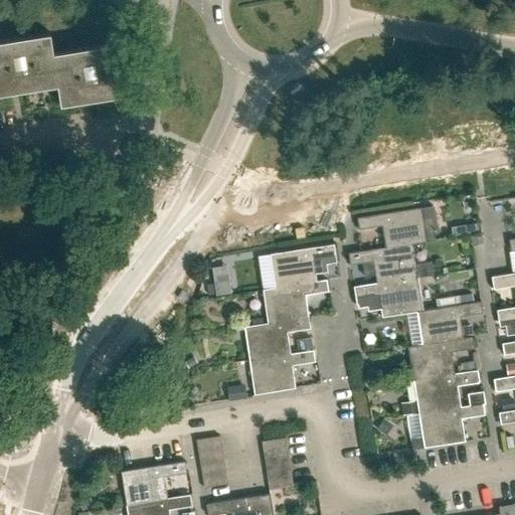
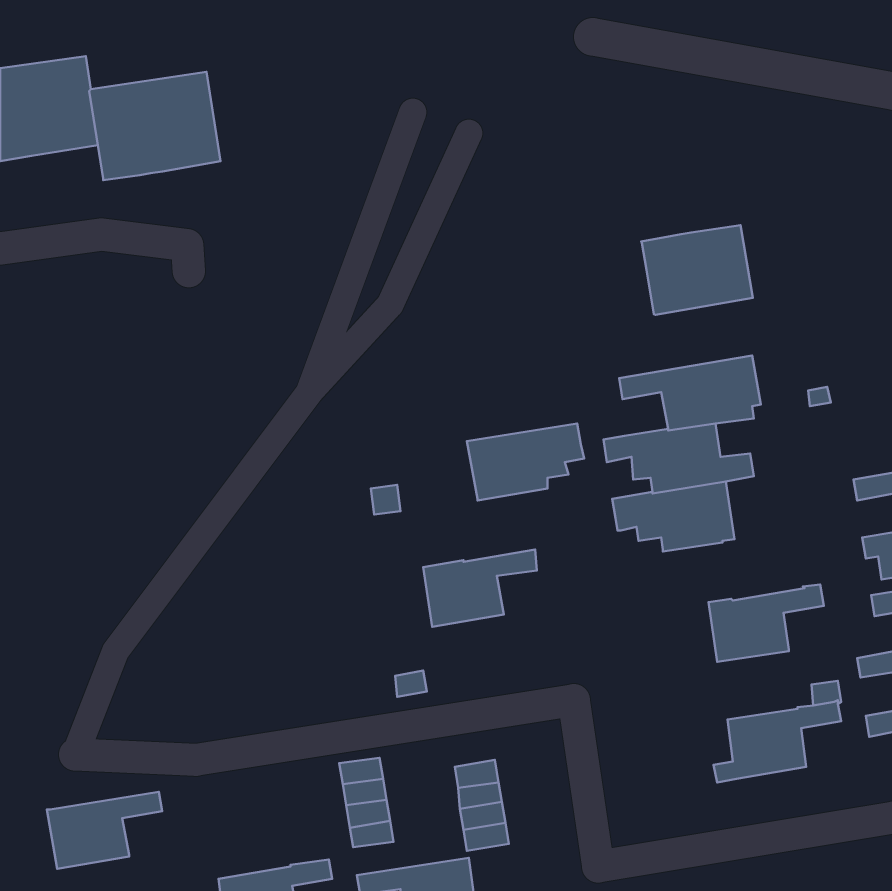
building: none -> [641,225,753,315]
building: [263,281,328,325] -> none
building: [416,302,483,347] -> none
building: [249,351,315,396] -> none
building: [413,372,480,415] -> none
building: [121,463,187,507] -> [47,792,162,869]

